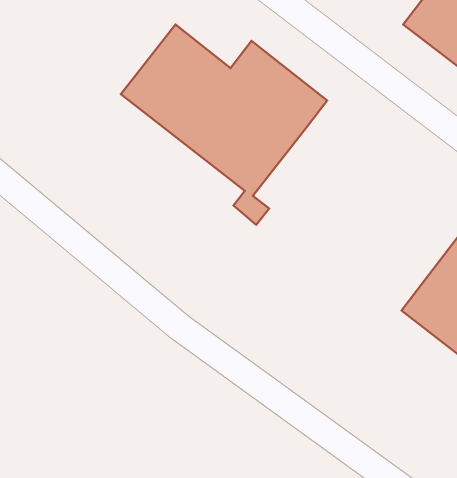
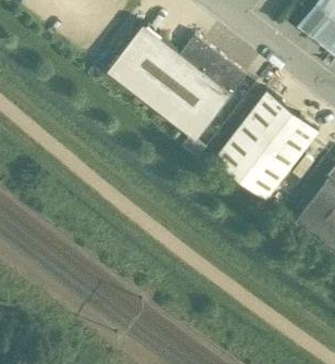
building: none -> [214,93,319,201]

